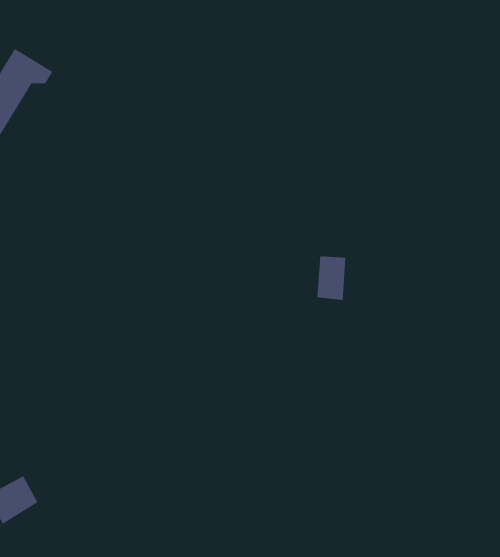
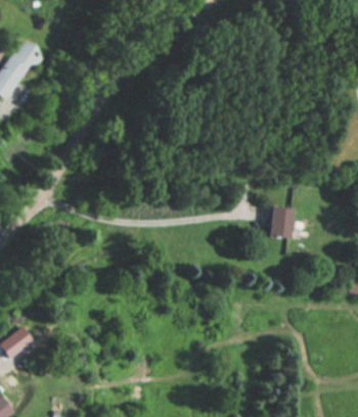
building: [317,256,346,301] -> [268,205,288,236]

